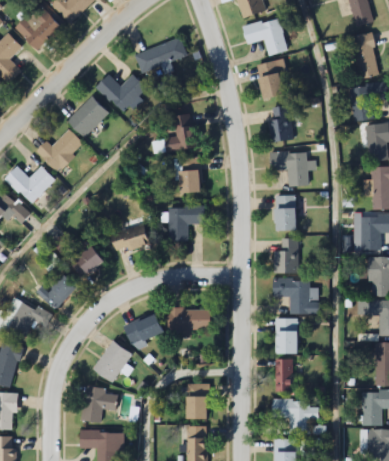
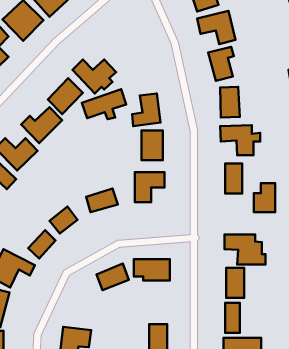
building: [135,38,187,73] -> [82,89,126,119]
building: [273,239,298,273] -> [254,183,275,212]
building: [92,341,132,383] -> none

